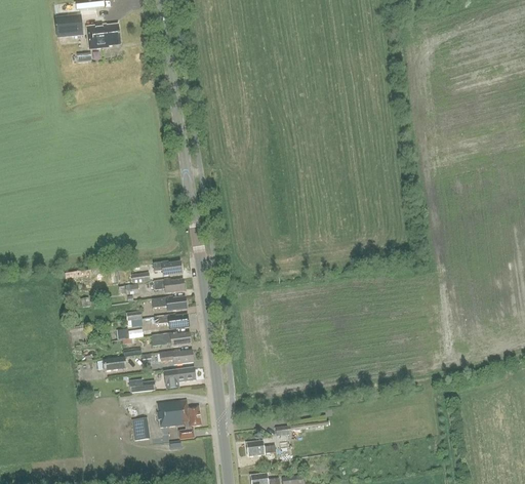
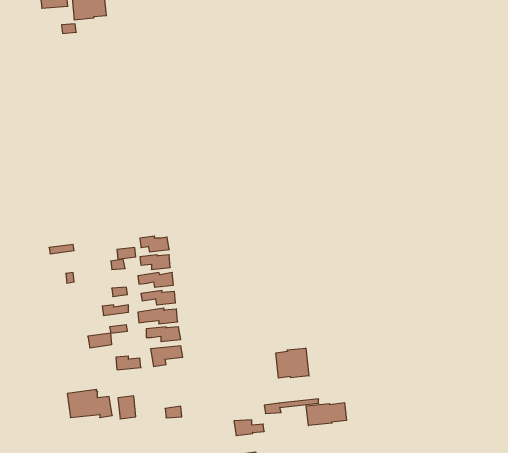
building: none -> [276,348,309,378]
building: [158,399,202,427] -> [67,389,112,418]
building: none -> [306,403,346,426]

